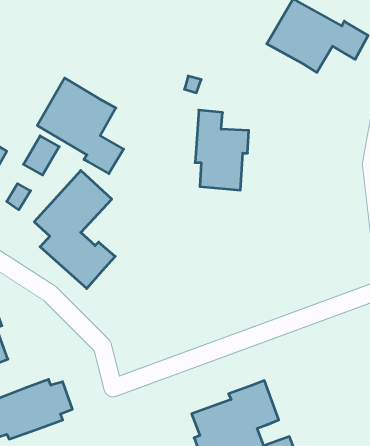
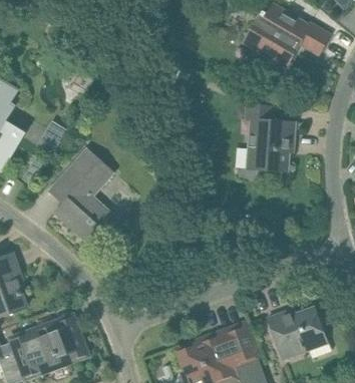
building: [37,78,124,174] -> none
building: [195,110,249,190] -> [249,104,294,171]
building: none -> [267,306,325,357]

